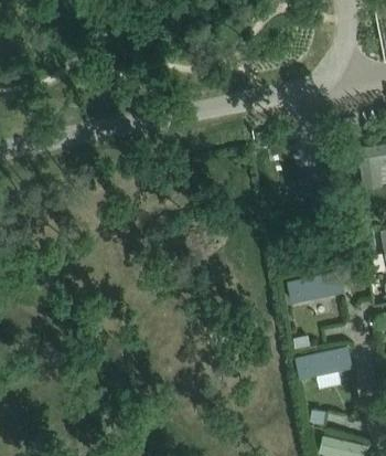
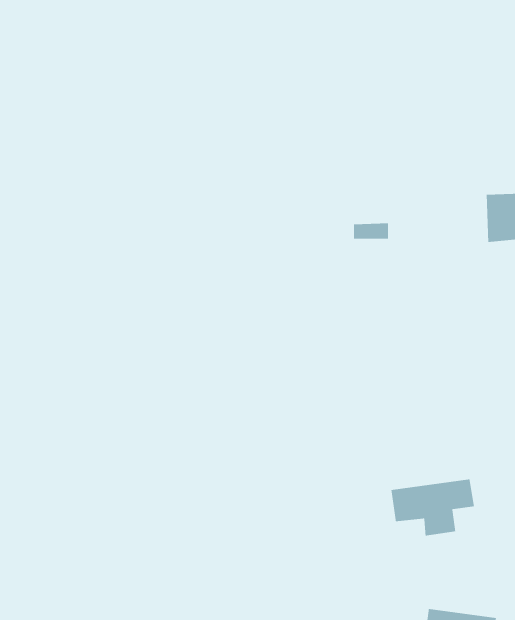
building: [288,273,346,299] -> none

